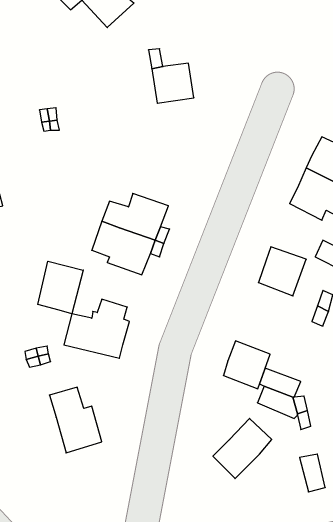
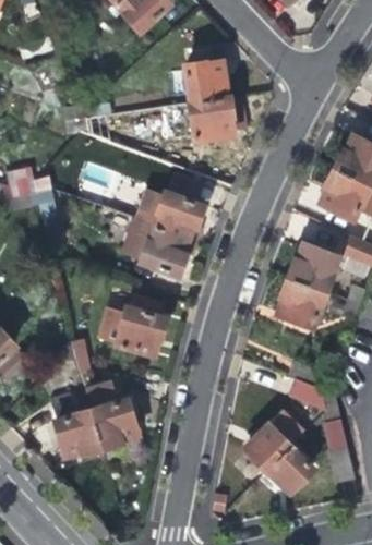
building: none -> [179,98,247,138]
building: [38,261,83,314] -> none
building: [223,341,270,389] -> [278,279,324,326]
building: none -> [51,395,101,456]
building: none -> [267,447,313,493]

